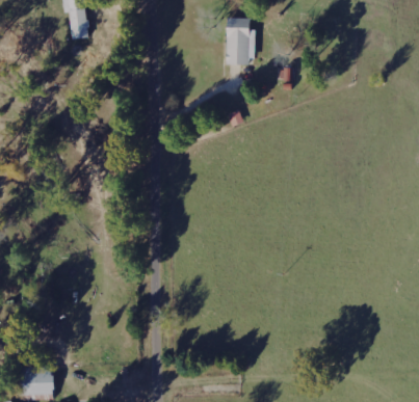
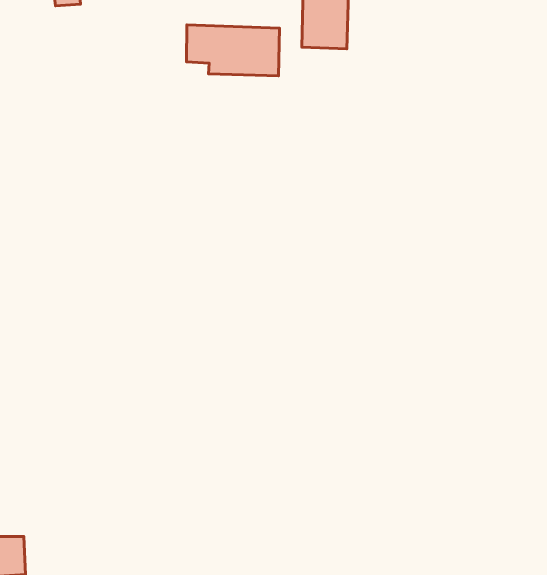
building: none -> [186,25,280,76]

